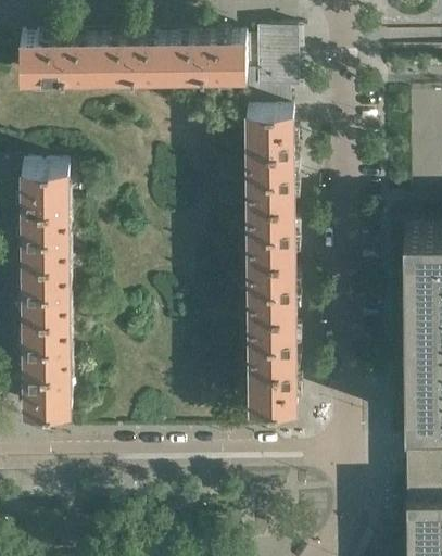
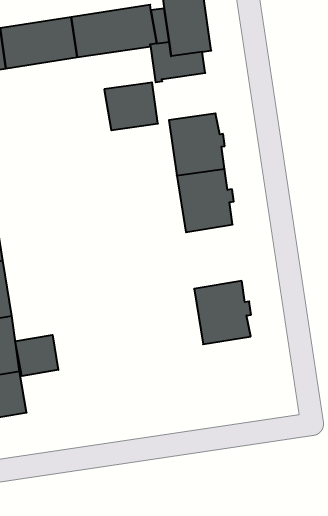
building: [245,114,292,154] -> [104,82,158,130]
building: [248,263,298,319] -> none
building: none -> [15,335,58,376]
building: [249,372,295,414] -> none

